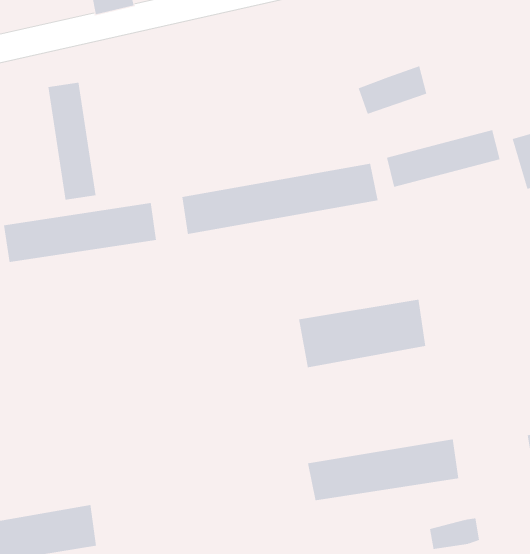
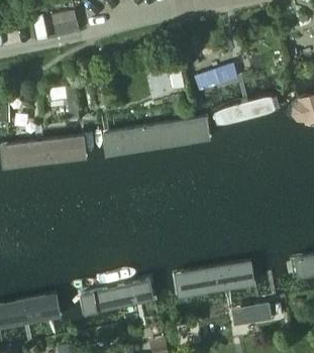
building: [48,82,96,201] -> none
building: [299,299,426,368] -> none
building: none -> [76,283,155,316]

